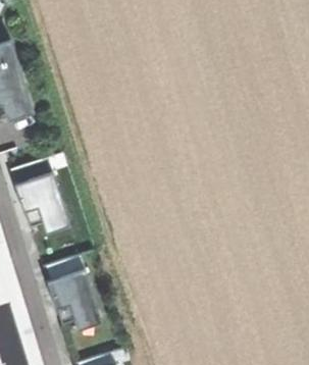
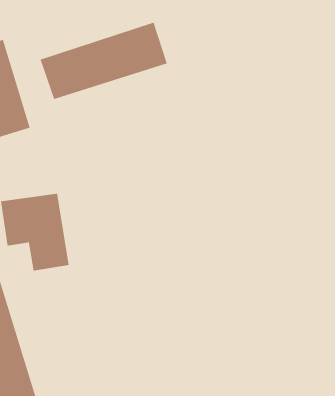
building: none -> [40,22,167,100]
building: [40,256,101,331] -> none

